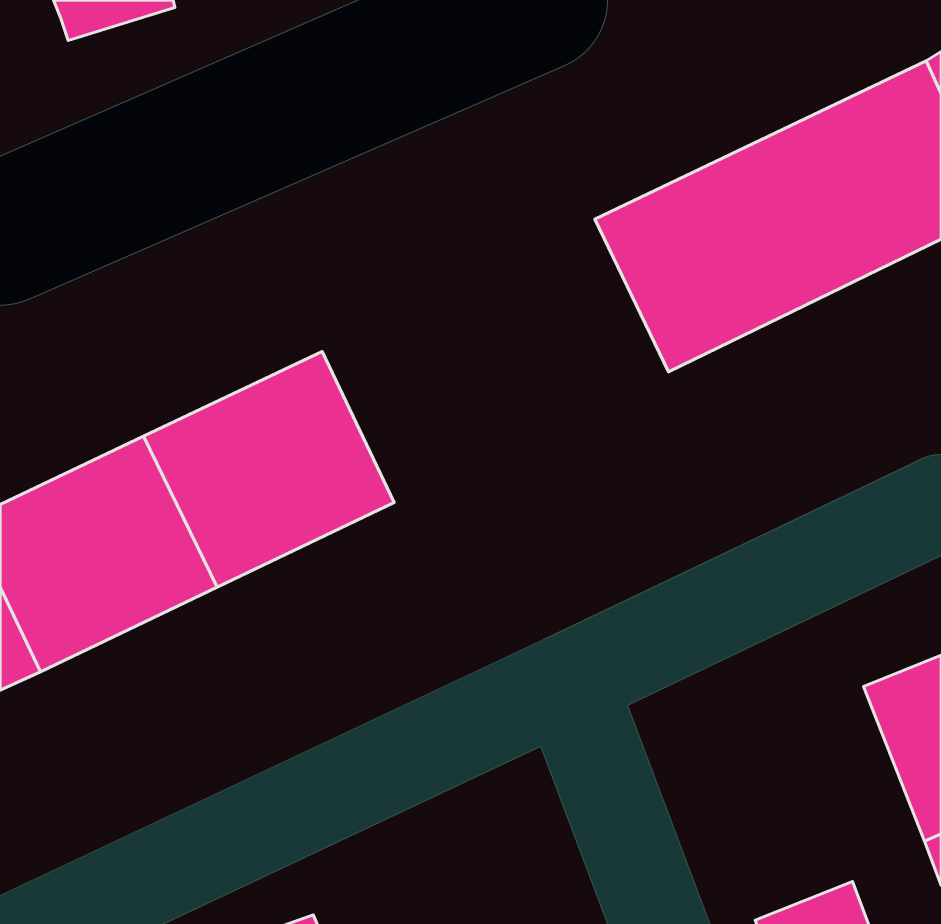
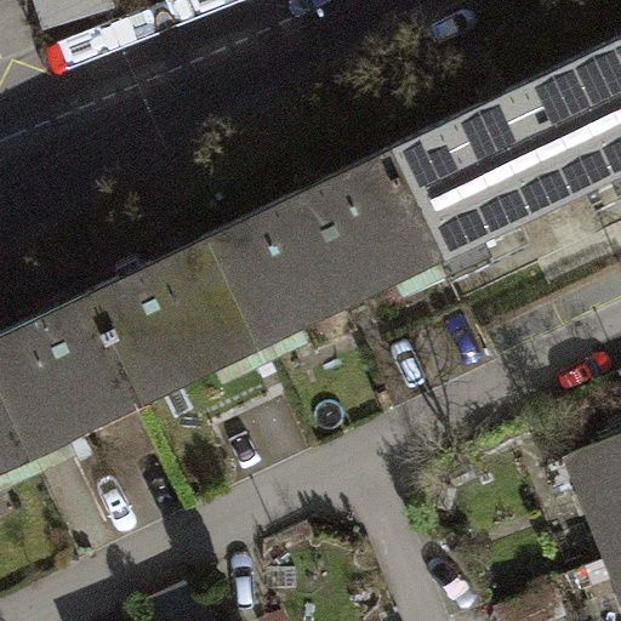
building: none -> [212,155,440,342]

